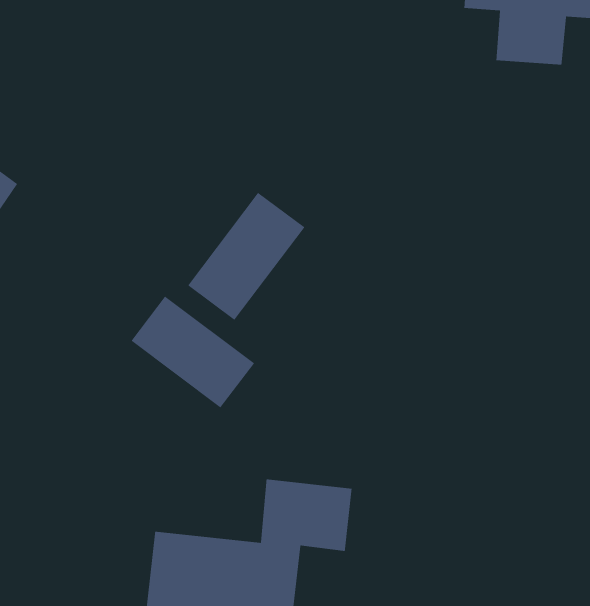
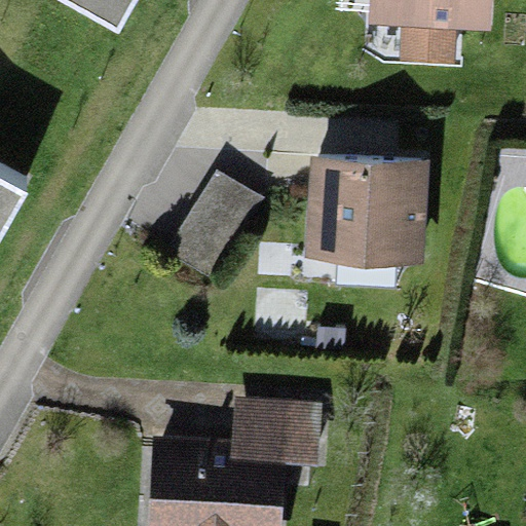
building: none -> [308,150,414,250]
building: [130,295,255,408] -> none

